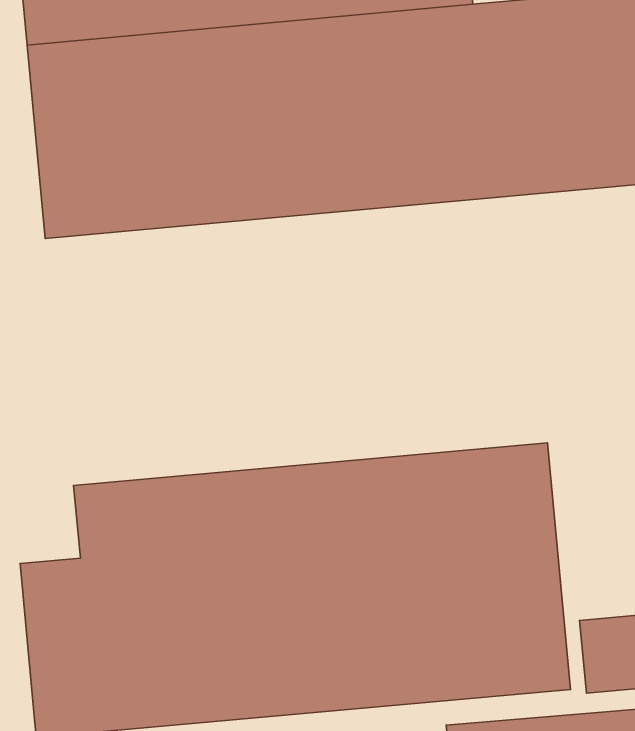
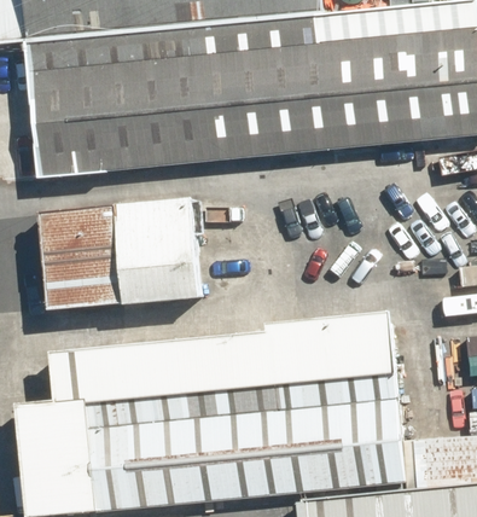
building: none -> [41,196,204,308]

